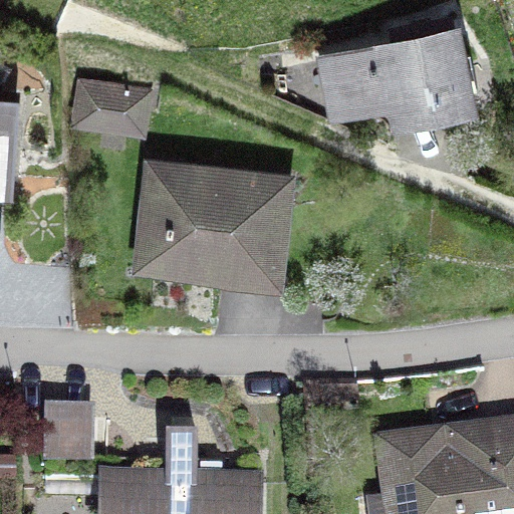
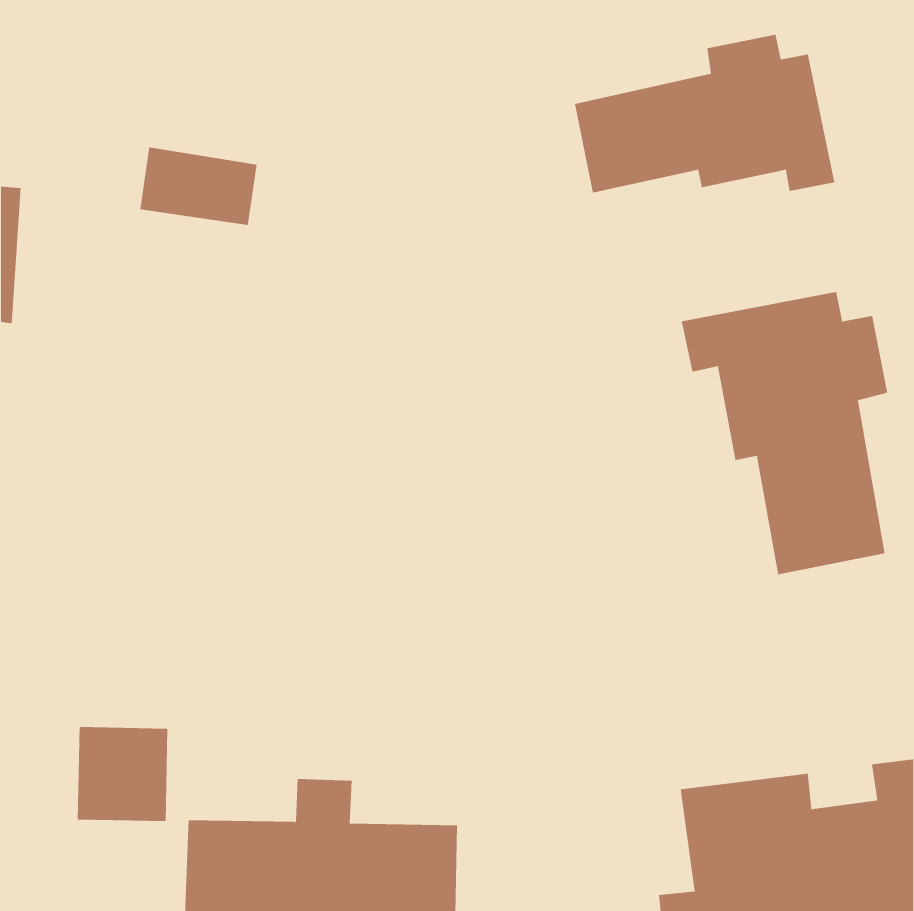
building: none -> [681,291,888,575]
building: [146,166,286,280] -> none

